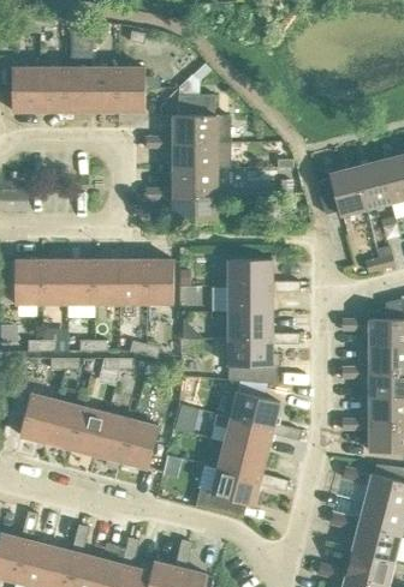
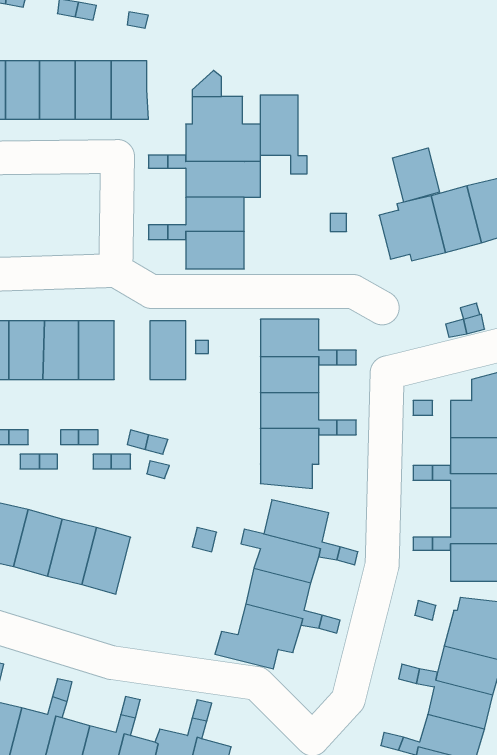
building: none -> [260,95,307,174]
building: none -> [393,148,440,202]
building: [119,260,145,304] -> none
building: [120,420,158,468] -> none

